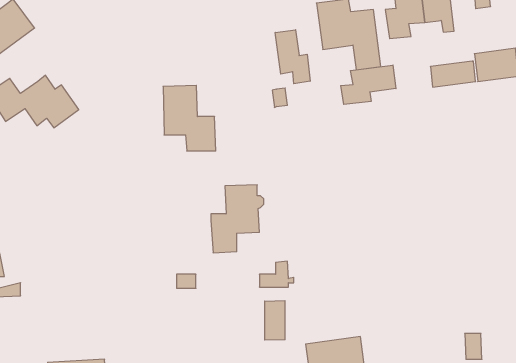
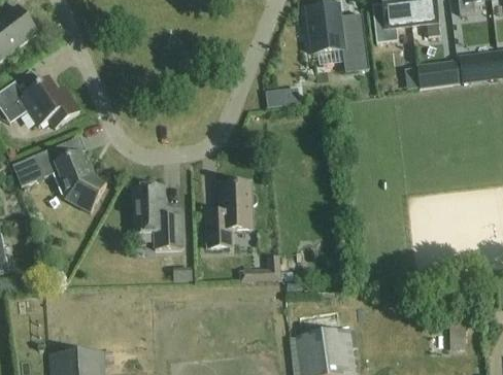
building: [275,30,310,84] -> none
building: [341,65,396,104] -> none
building: [163,85,216,151] -> [132,183,182,246]
building: none -> [11,143,107,210]
building: [265,301,285,340] -> none

